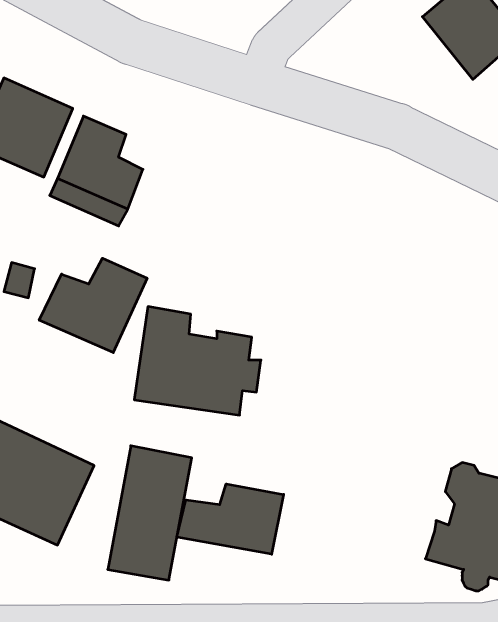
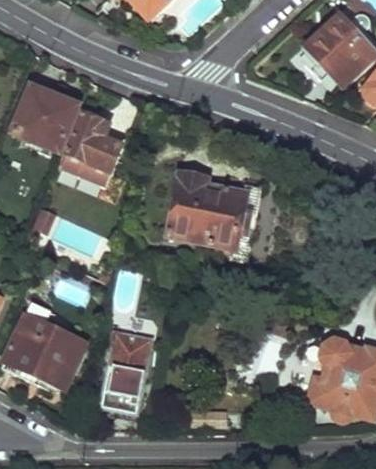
building: [39,258,147,353] -> none
building: [134,307,261,415] -> [171,173,254,244]
building: [177,484,284,554] -> none

